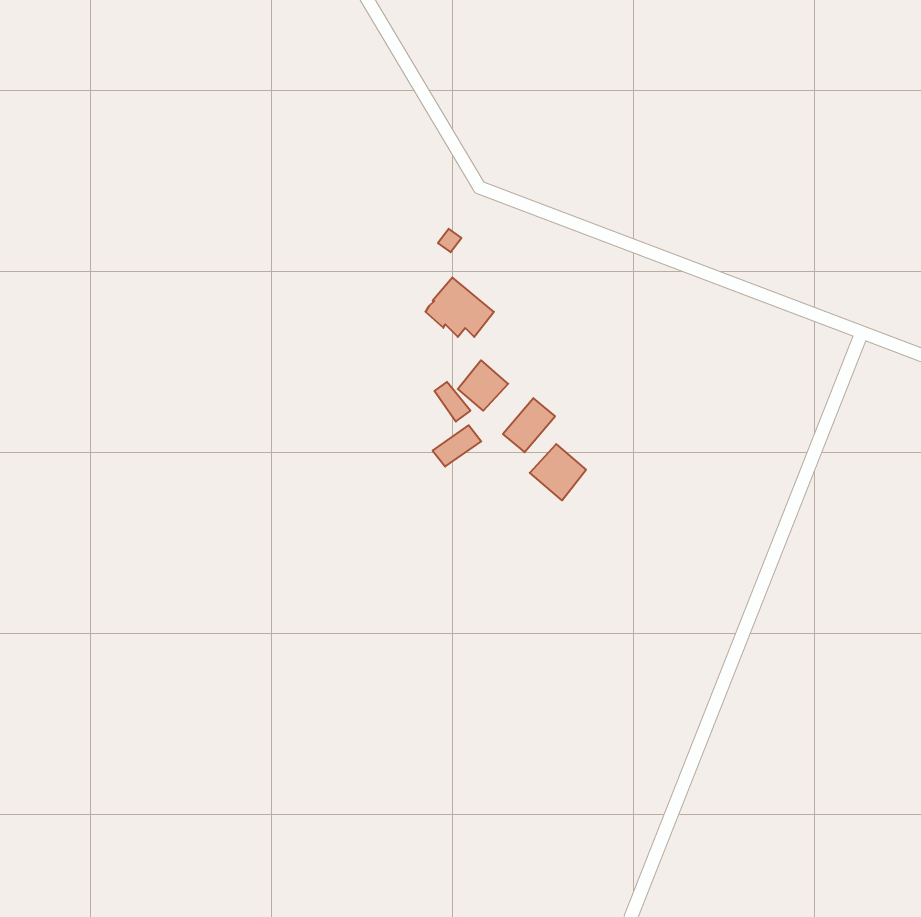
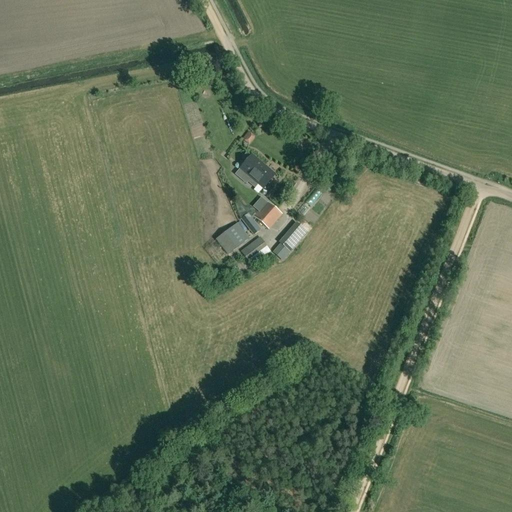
building: none -> [215,221,250,254]
building: [530,444,586,500] -> none

